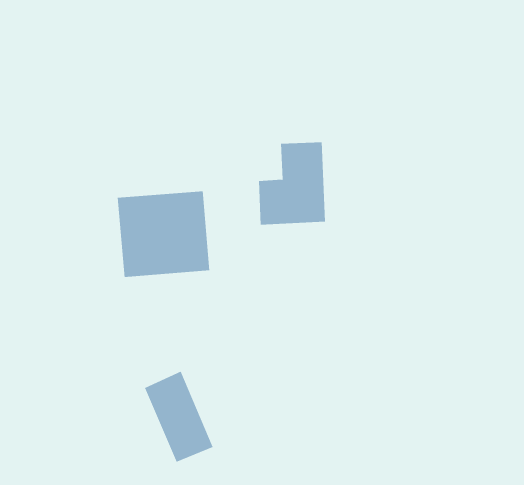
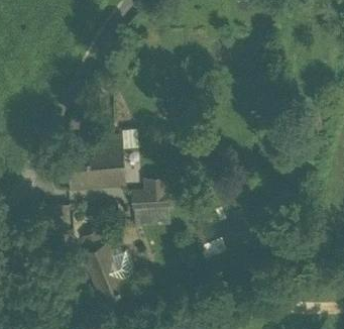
building: [258,142,326,225] -> [129,179,169,228]

